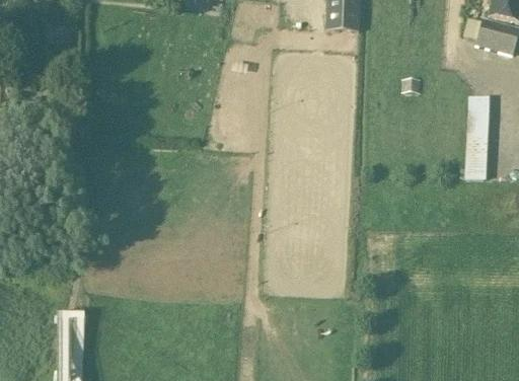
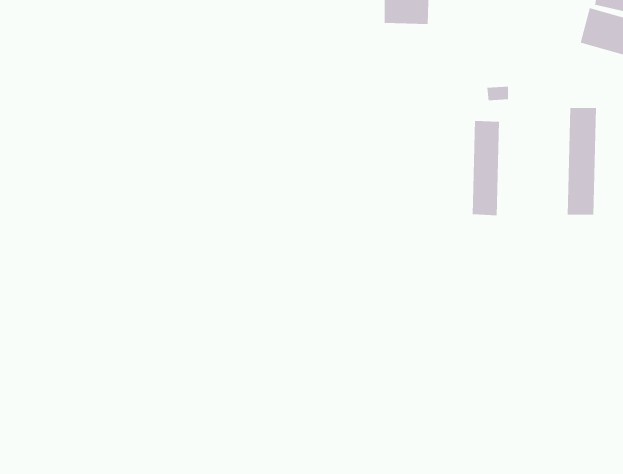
building: none -> [472,120,500,216]

